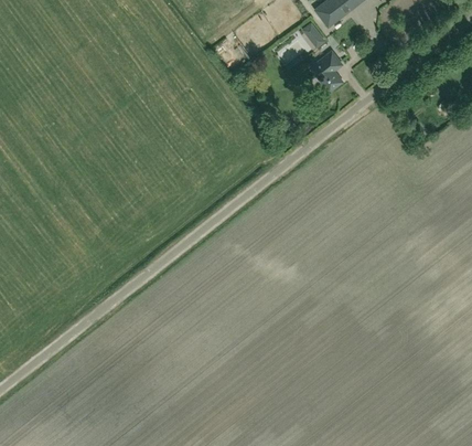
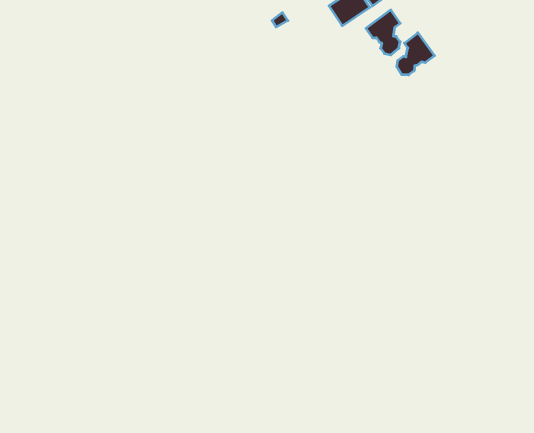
building: none -> [397,33,435,75]

